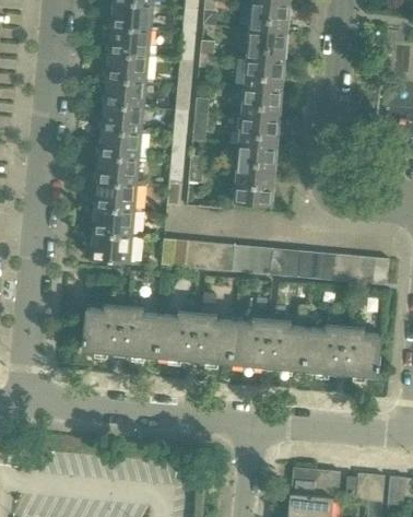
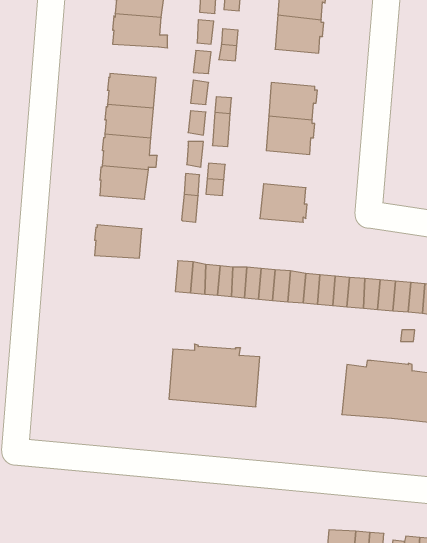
building: [106,54,148,82] -> none
building: [244,58,285,90] -> none
building: [237,144,278,176] -> none
building: [95,183,135,211] -> none
building: [90,234,131,262] -> none
building: [82,303,160,356] -> none
building: [231,316,308,369] -> none

